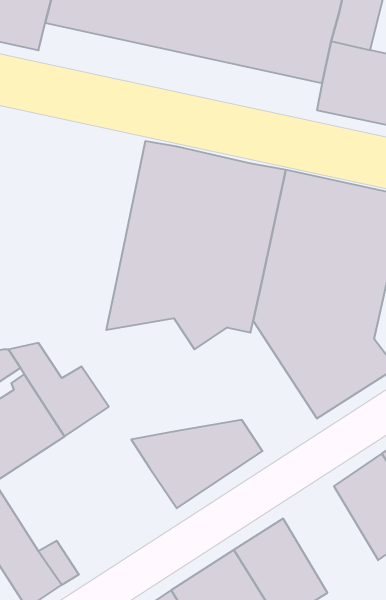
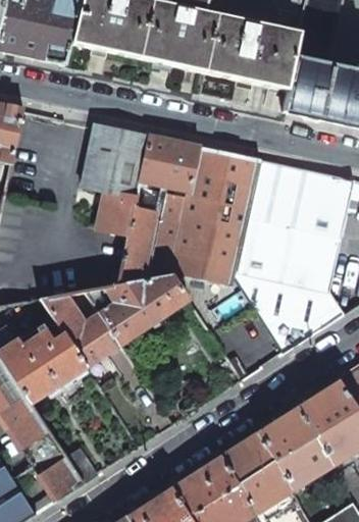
building: none -> [79,124,149,246]
building: [131,420,263,508] -> [85,275,188,345]
building: none -> [257,407,331,490]

